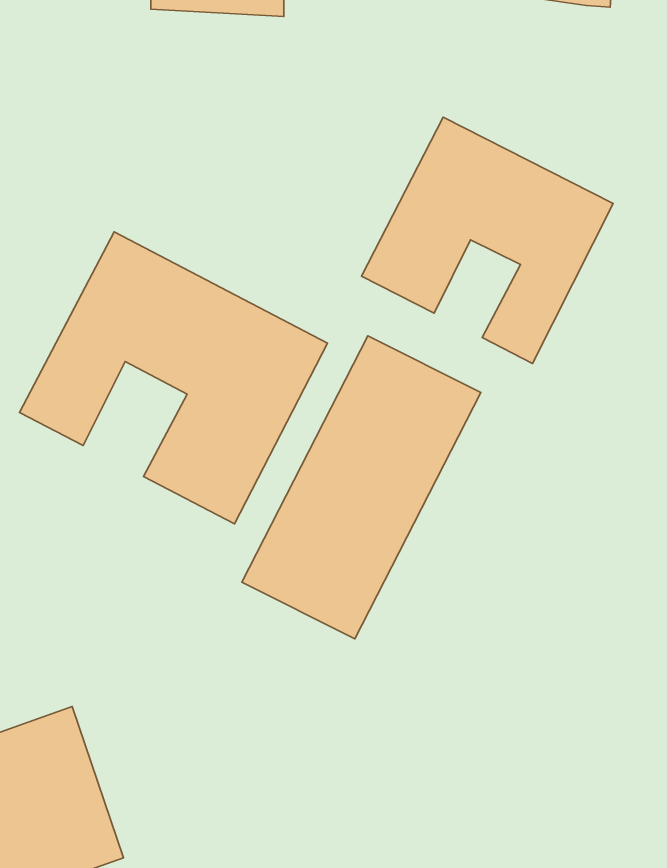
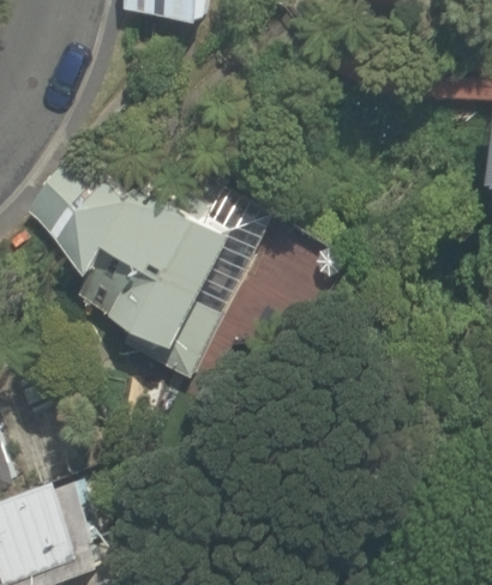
building: [362,117,613,364] -> none

